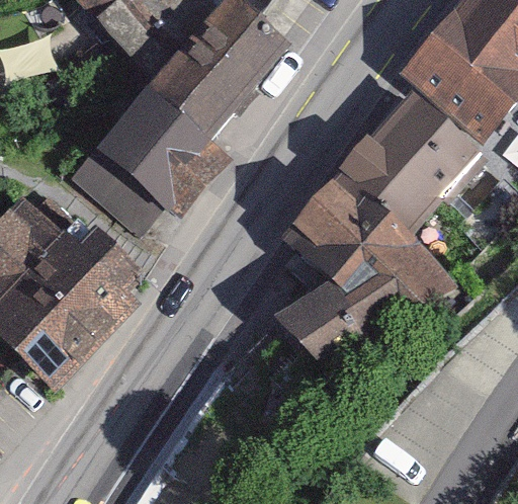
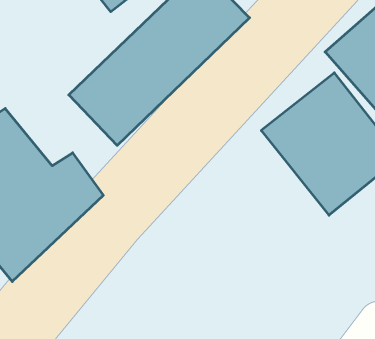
building: [274,189,424,375] -> none

